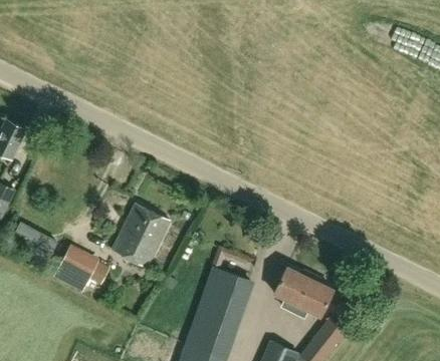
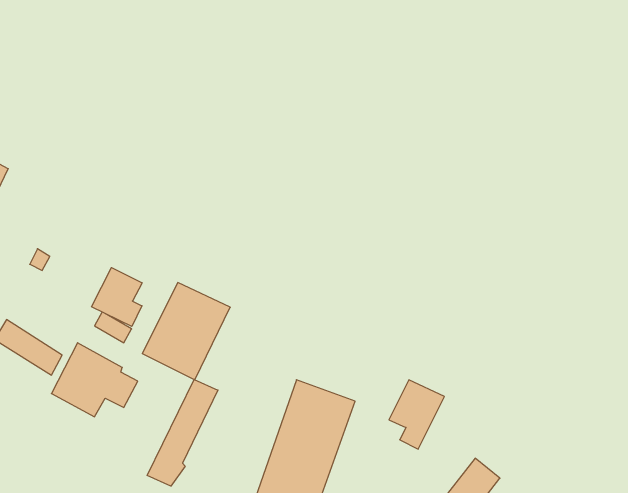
building: none -> [92,268,142,326]
building: none -> [147,379,218,486]
building: [292,278,333,317] -> none

